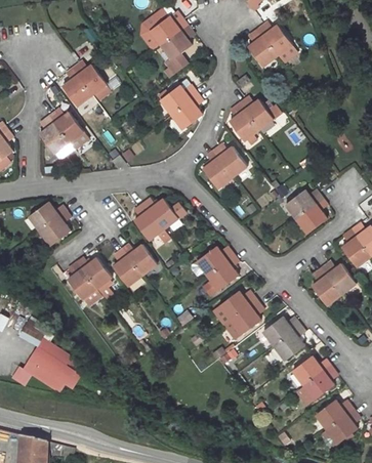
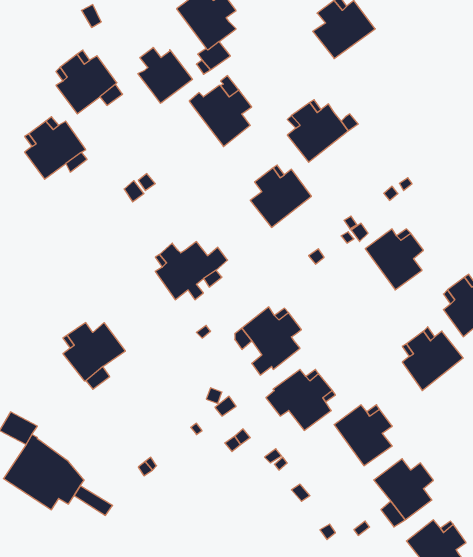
building: none -> [138,47,192,103]
building: [28,202,71,246] -> none
building: [112,244,157,287] -> none

